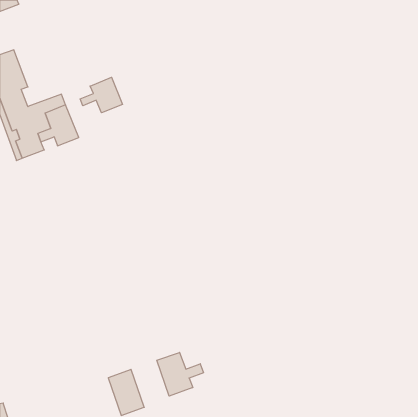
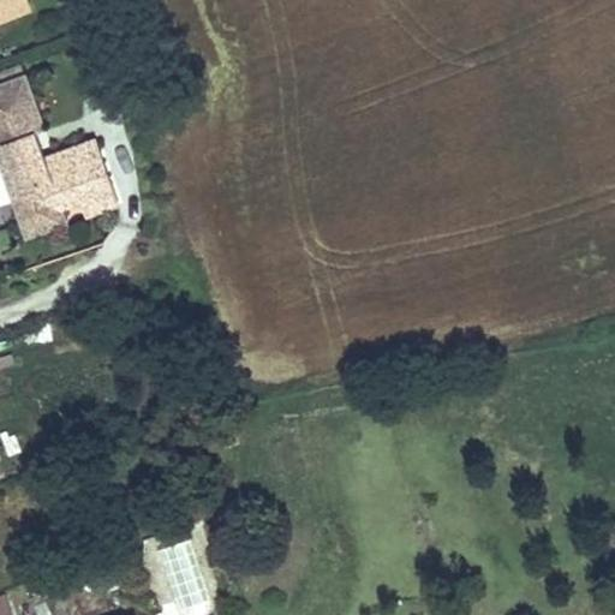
building: [80,77,122,113] -> none
building: [157,352,203,396] -> none

